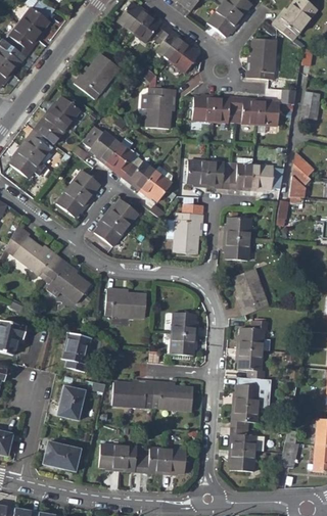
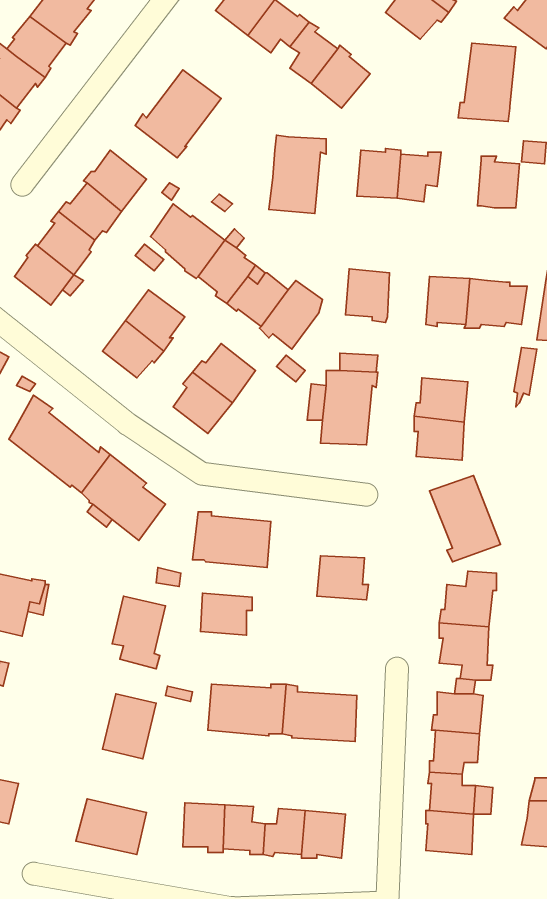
building: [235,96,259,125] -> none
building: [208,160,231,188] -> none
building: [170,333,197,356] -> [201,593,252,635]

